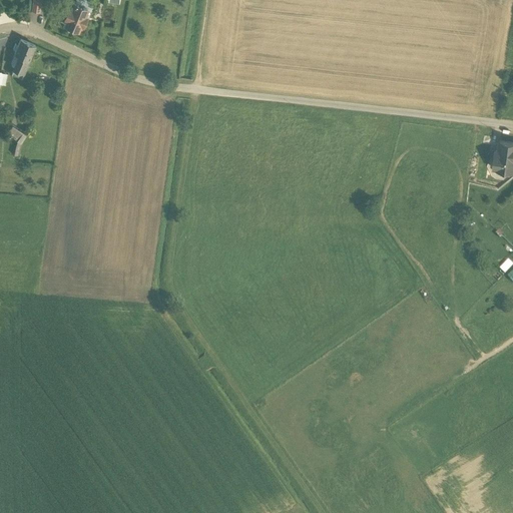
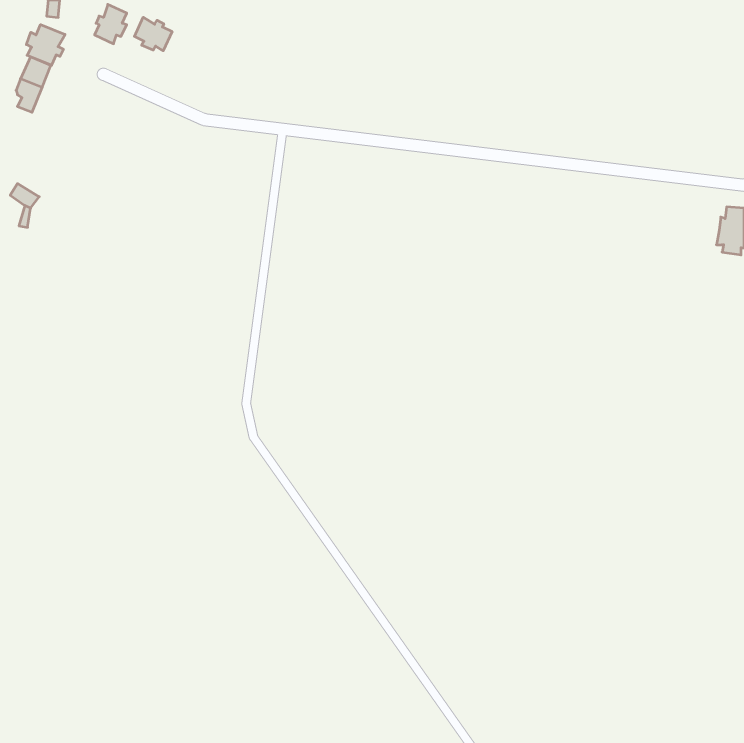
building: none -> [134,17,172,51]
building: none -> [26,25,65,65]

